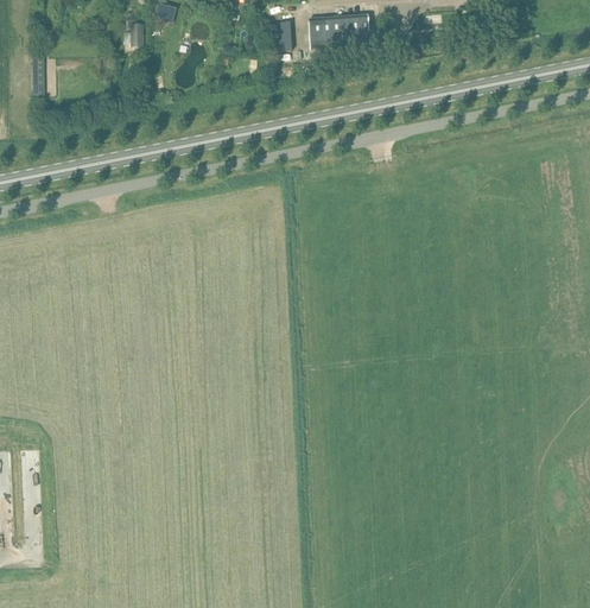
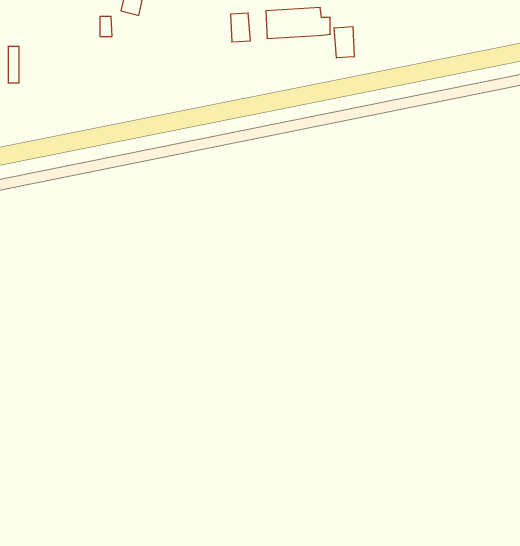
building: none -> [334,27,354,58]

